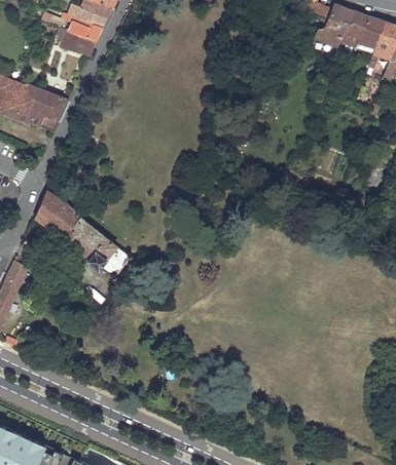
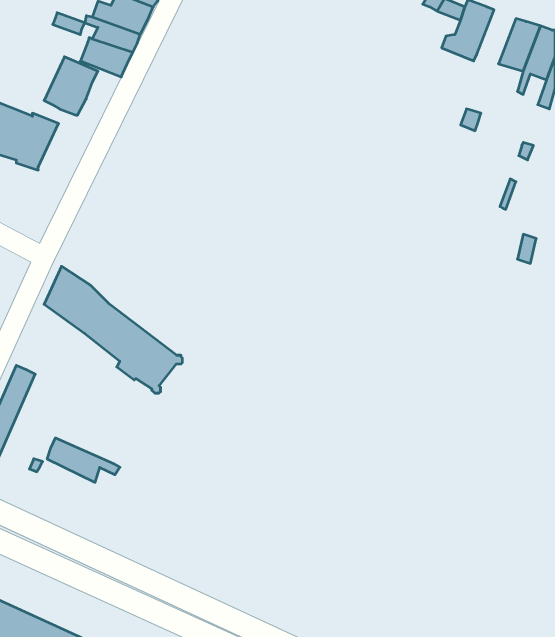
building: [339,10,367,51] -> none
building: [30,90,68,131] -> [44,57,98,115]
building: none -> [47,438,120,482]

